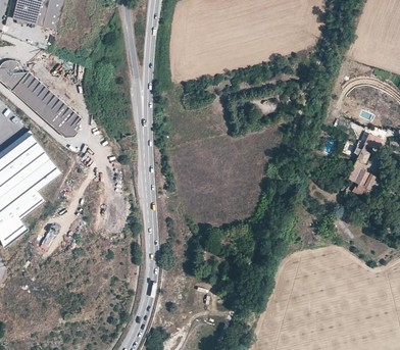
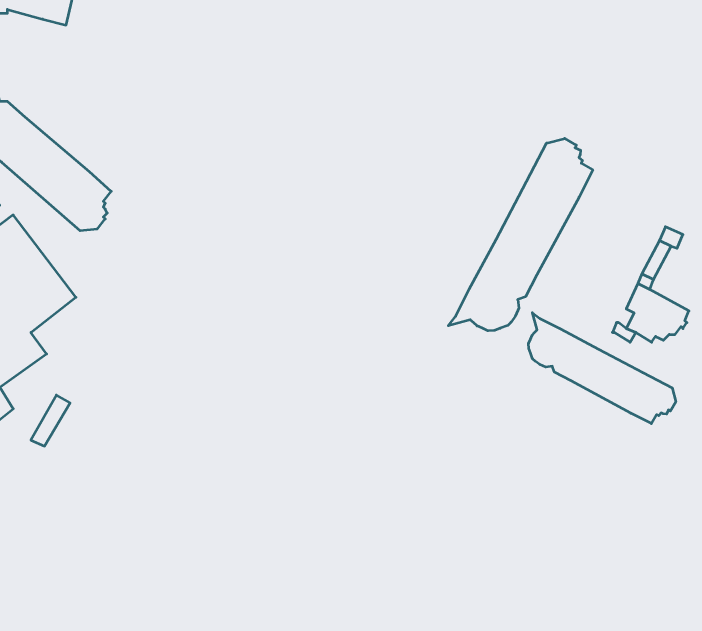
building: none -> [448,138,593,331]
building: none -> [529,313,676,424]

